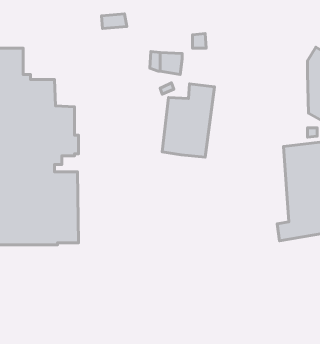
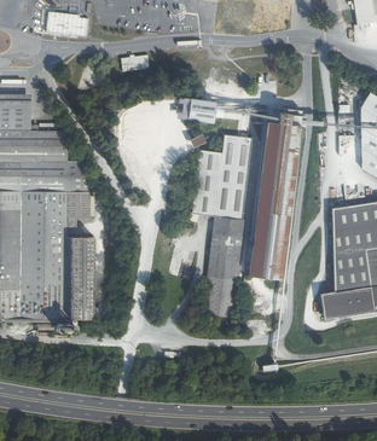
building: none -> [249,106,304,280]
building: none -> [203,216,245,318]

